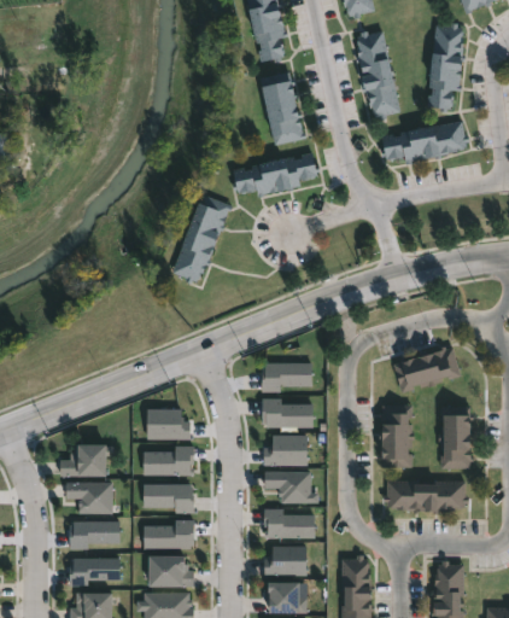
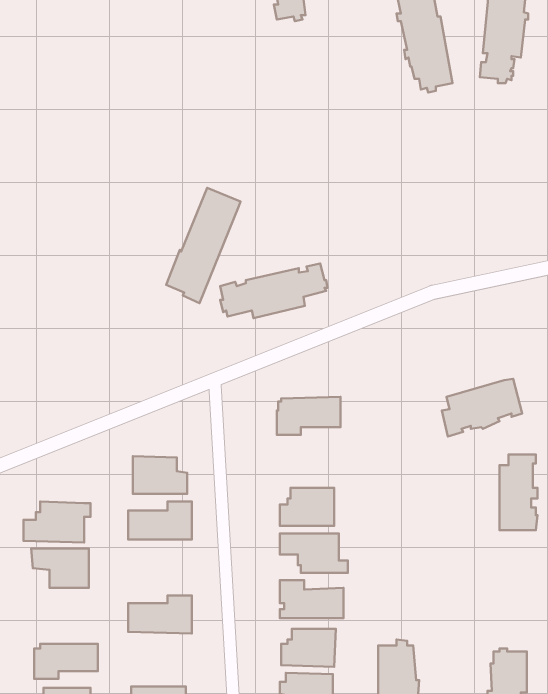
building: [261,71,309,146] -> none
building: [379,121,466,165] -> none
building: [233,153,318,197] -> [220,264,328,318]
building: [262,397,314,427] -> none
building: [379,406,410,468] -> none
building: [381,482,466,515] -> none
building: [142,484,194,513] -> none
building: [69,521,119,549] -> none
building: [150,556,193,587] -> none

